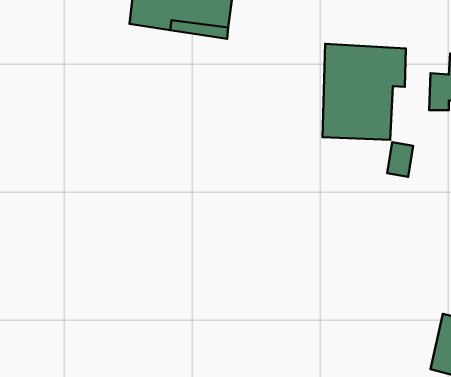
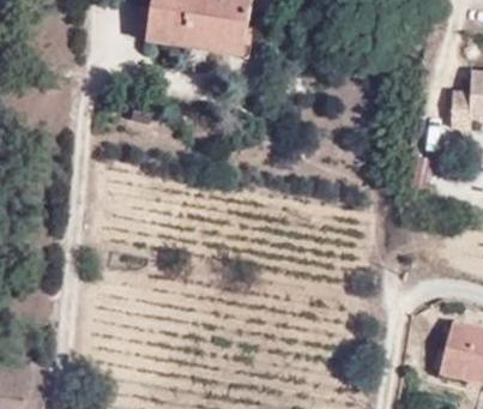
building: [323,44,406,140] -> none

